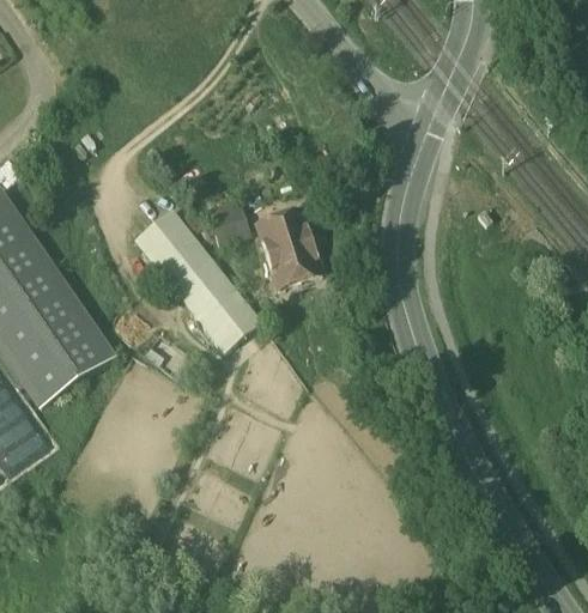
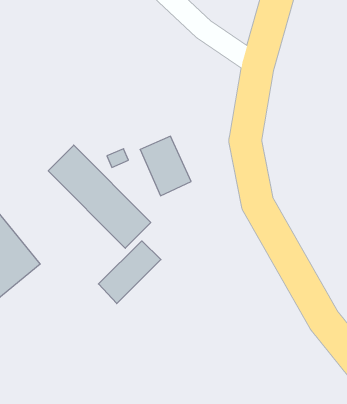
building: none -> [98,241,161,304]

